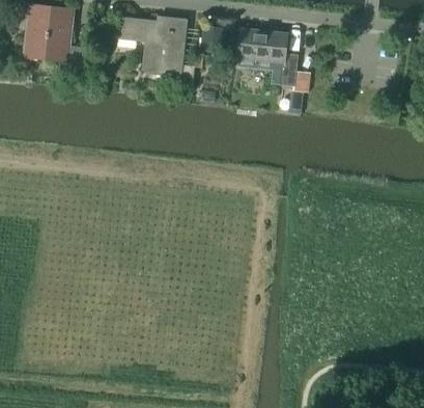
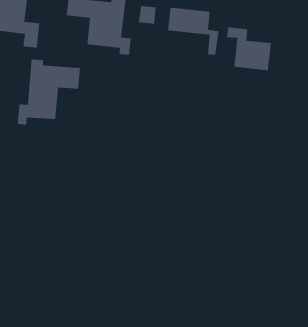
building: none -> [226,27,272,71]
building: none -> [17,59,81,125]

